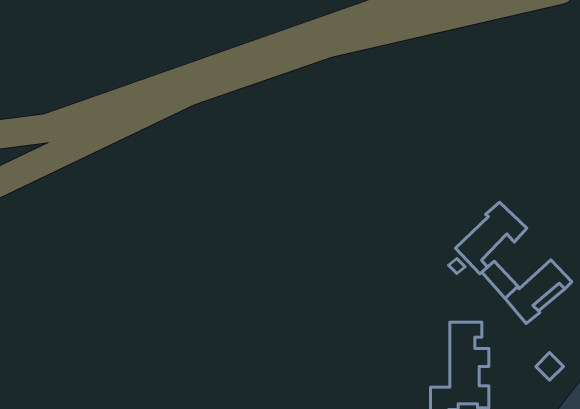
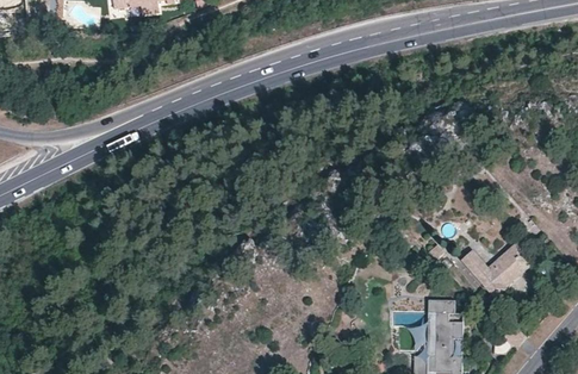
building: [456,202,527,274] -> none

